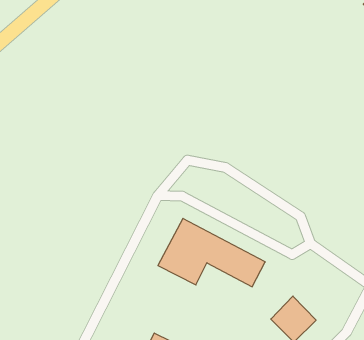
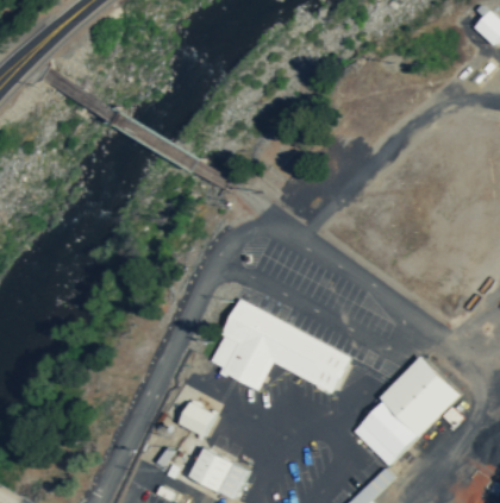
building: none -> [382,361,457,435]
building: none -> [182,395,218,435]

